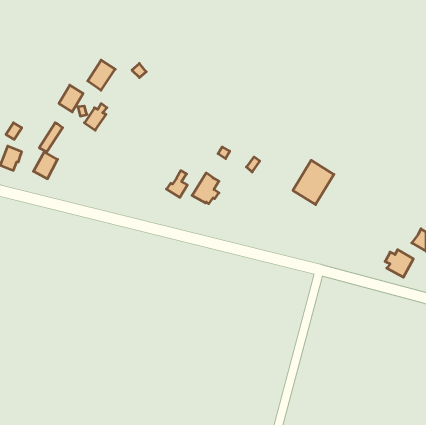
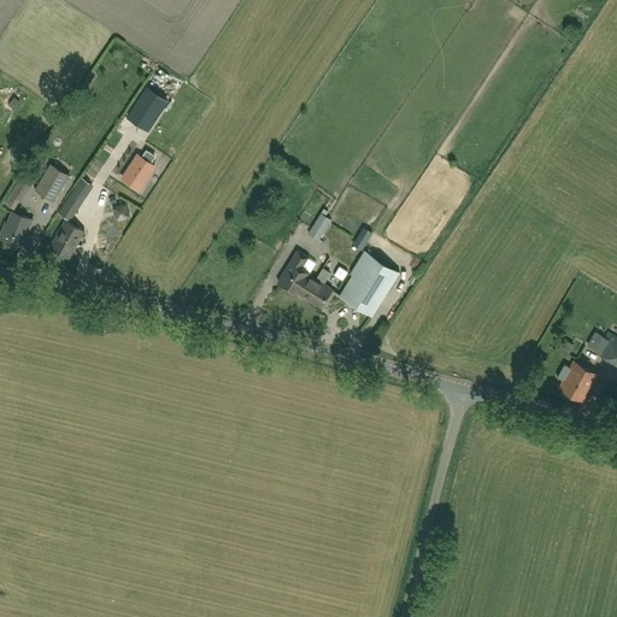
building: [59,85,83,112] -> [34,165,69,204]
building: [293,160,334,205] -> [339,254,398,318]
building: [166,171,187,197] -> [301,270,331,308]

